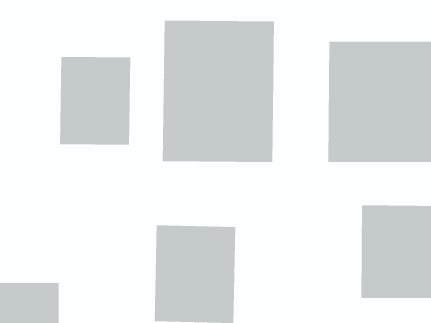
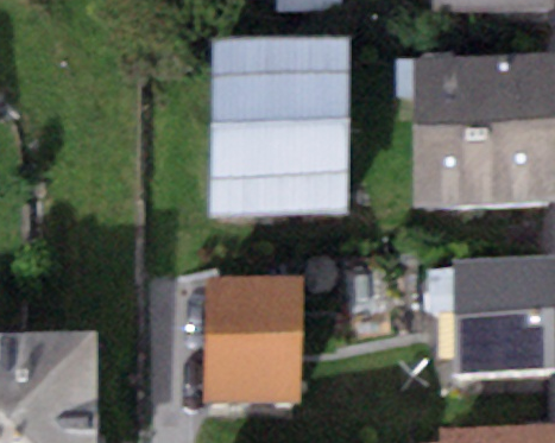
building: [59,56,131,145] -> none

